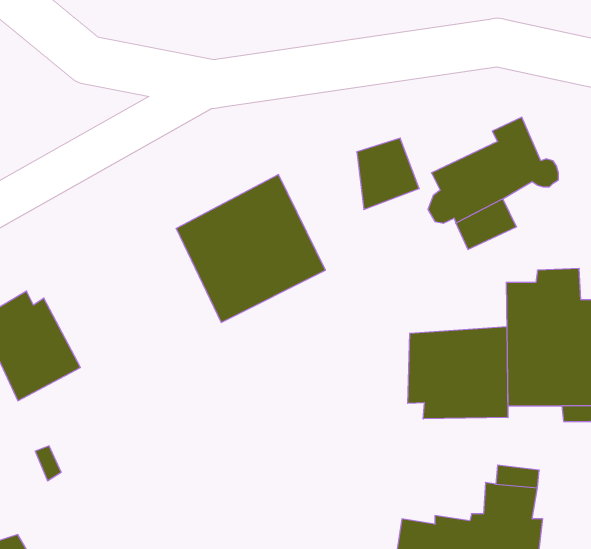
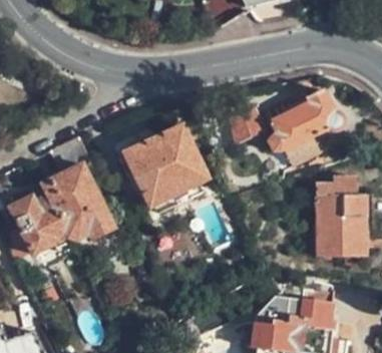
building: none -> [42,135,113,238]
building: [408,327,508,419] -> none

